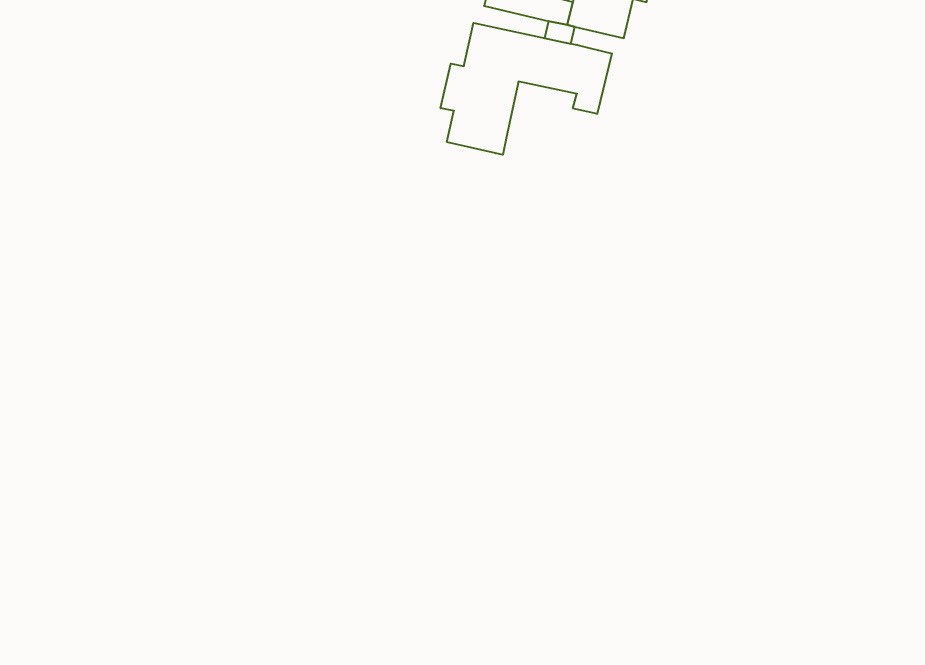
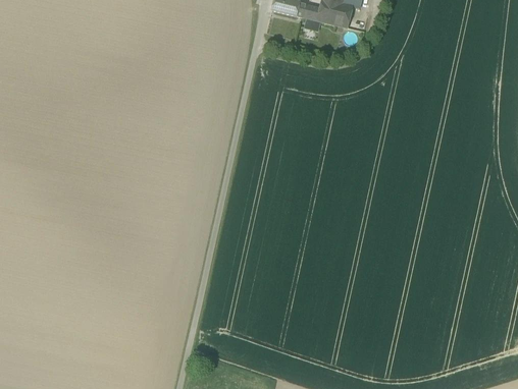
building: [441,23,612,155] -> none

